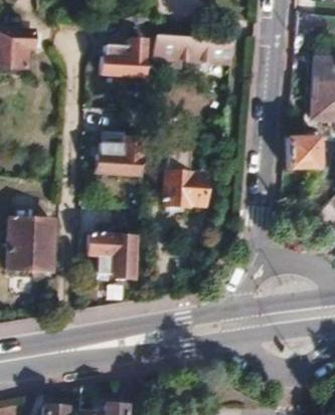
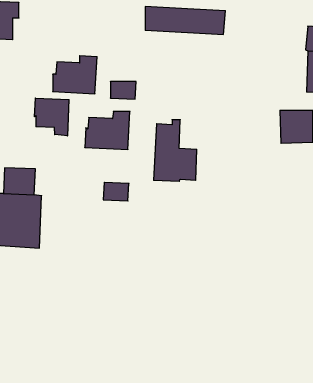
building: [101,38,144,75] -> [53,56,97,94]
building: none -> [35,98,69,136]
building: [88,234,134,278] -> none

